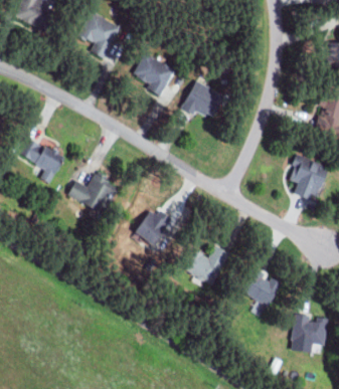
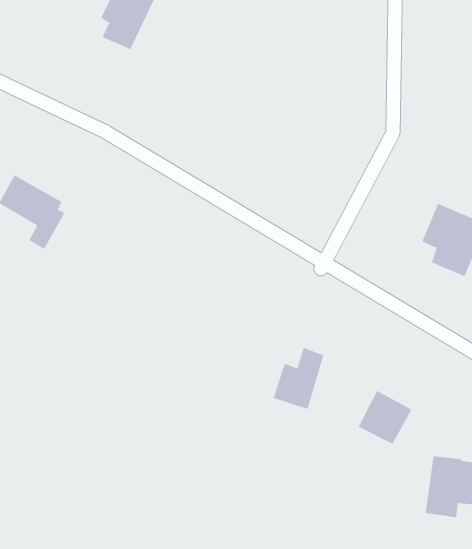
building: [132,54,173,93] -> none
building: [186,82,223,118] -> none
building: [66,173,109,210] -> none
building: [145,214,173,243] -> none

